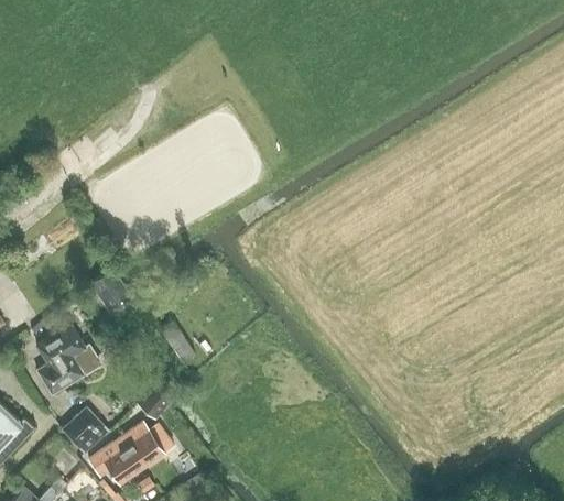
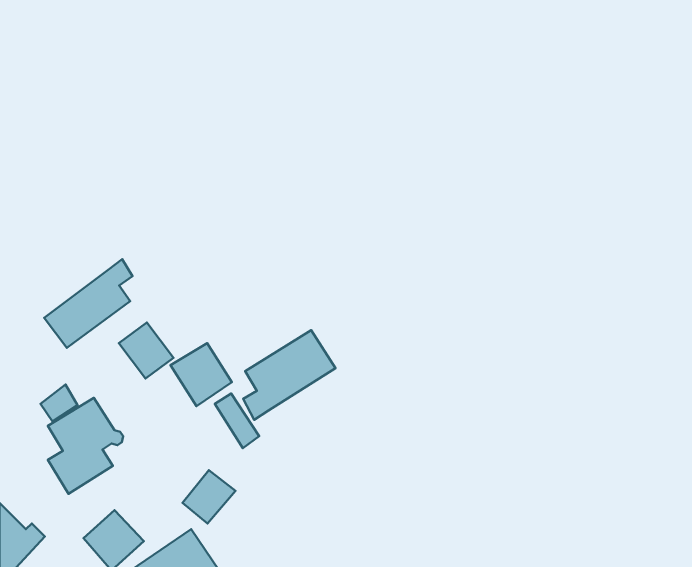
building: none -> [44,259,132,348]
building: none -> [243,330,335,420]
building: none -> [171,343,232,406]

